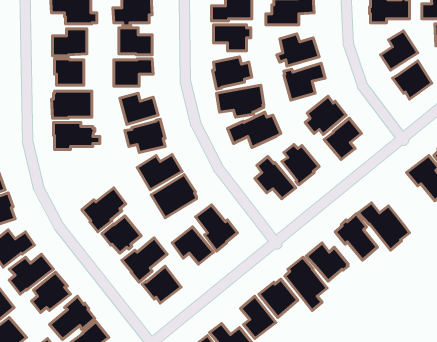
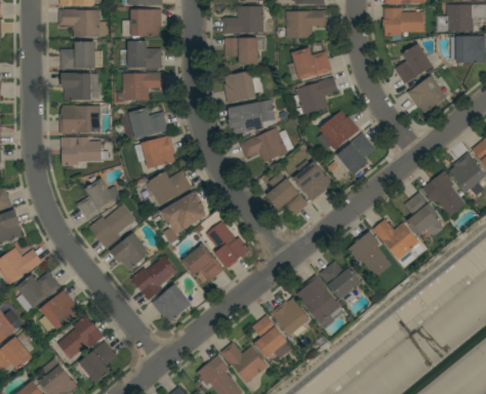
building: none -> [77,179,121,221]
building: none -> [403,192,442,235]

